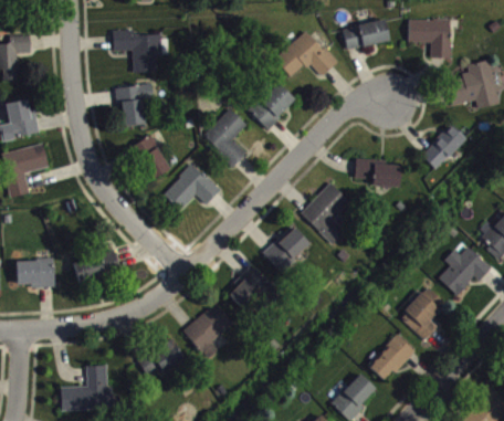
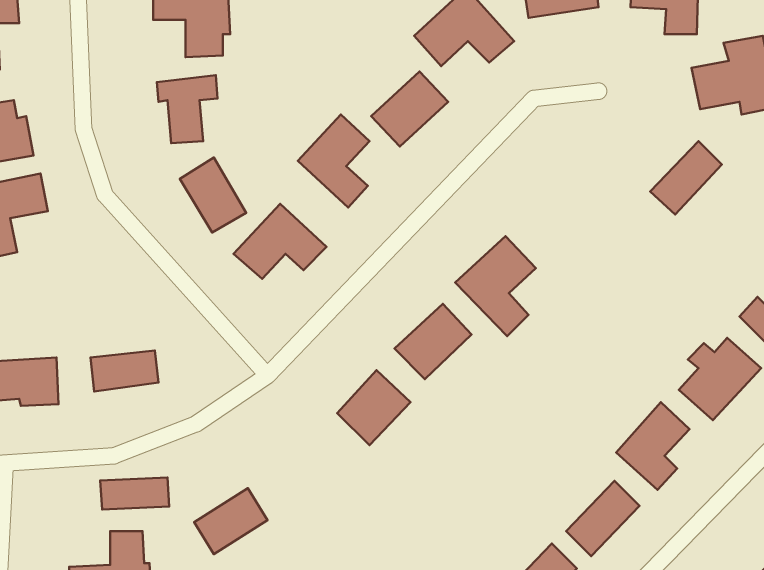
building: [354,159,399,188] -> none
building: [182,304,232,359] -> none
building: none -> [100,477,169,509]

